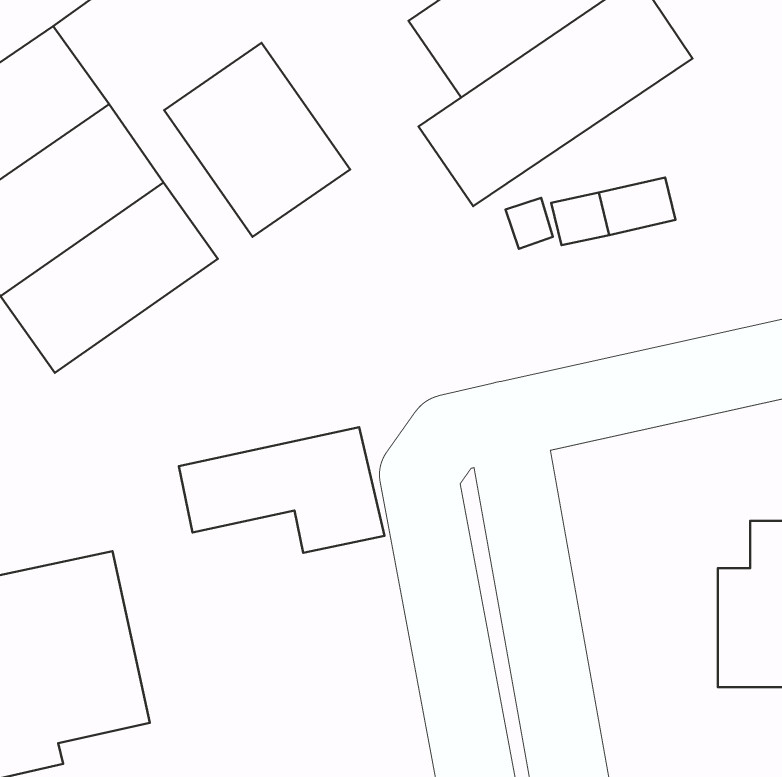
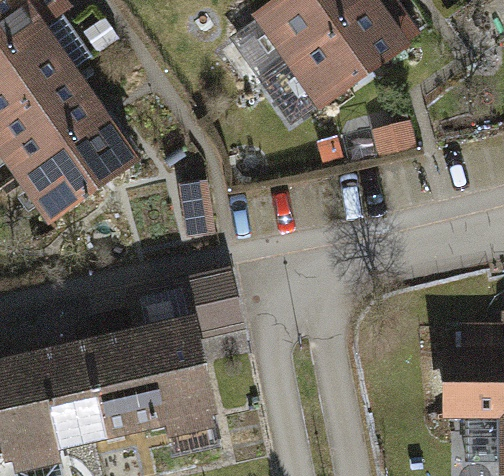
building: [164,43,350,237] -> none
building: none -> [85,314,214,441]

